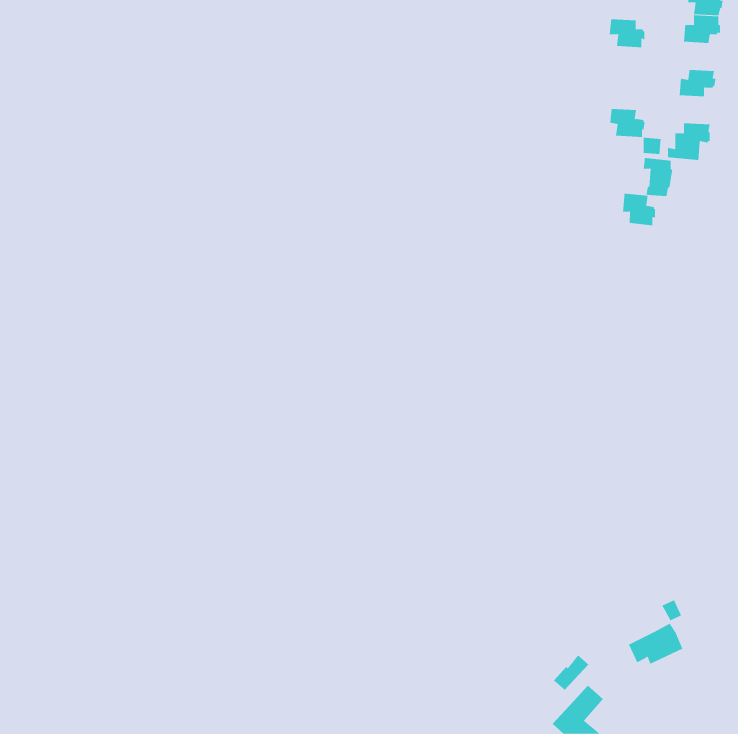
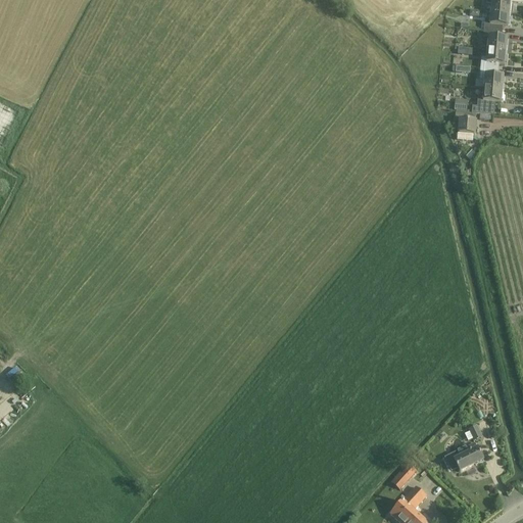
building: [609,19,645,48] -> [482,30,508,50]
building: [609,108,646,137] -> [479,67,505,88]
building: [623,193,656,226] -> none

